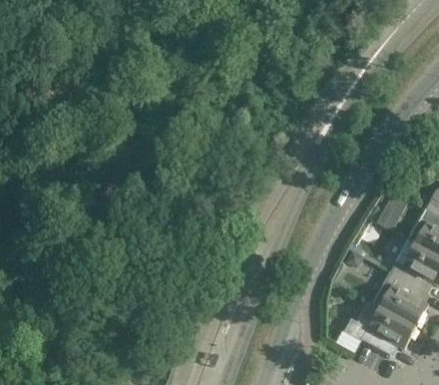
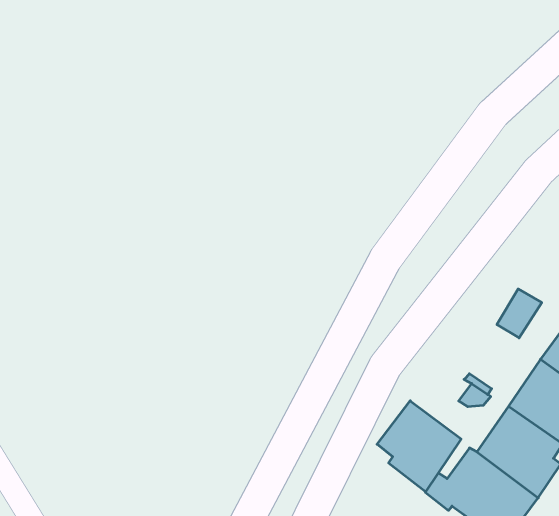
building: none -> [377,401,461,492]

